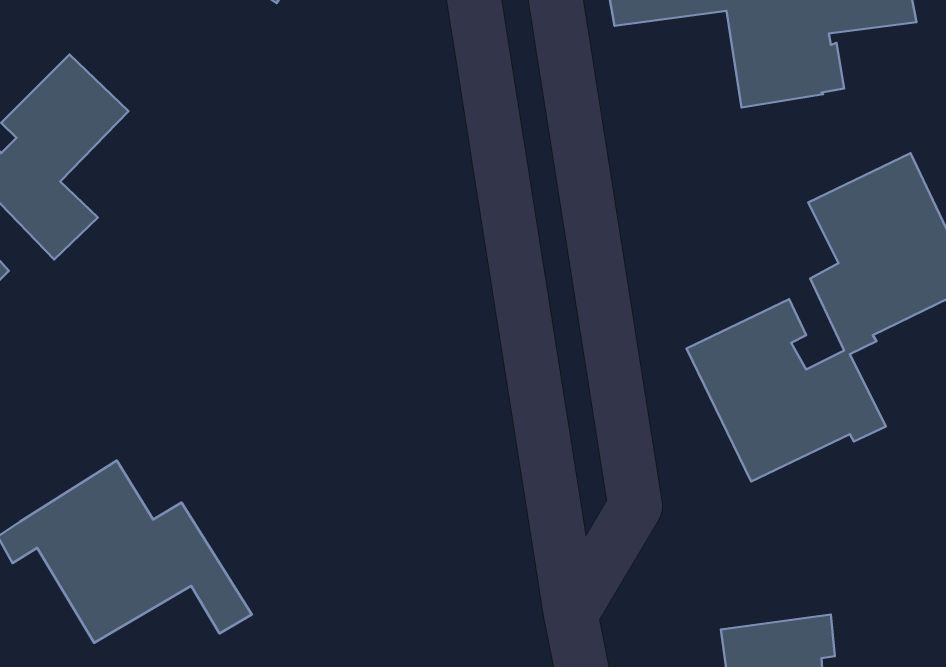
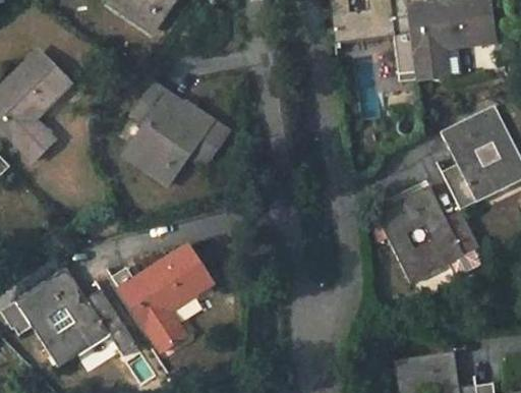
building: none -> [125,88,227,186]
building: none -> [115,254,215,356]

